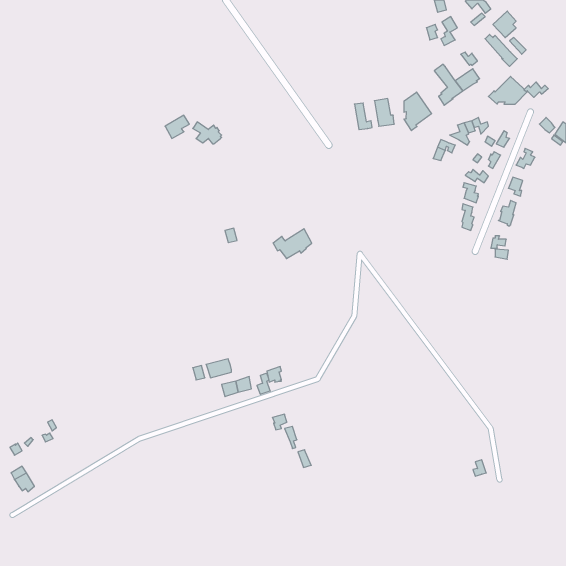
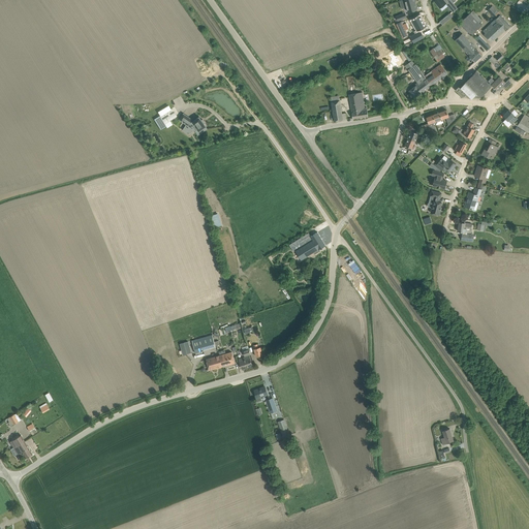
building: none -> [484,5,510,42]
building: [404,92,432,131] -> none
building: [273,229,312,259] -> [289,231,325,259]

